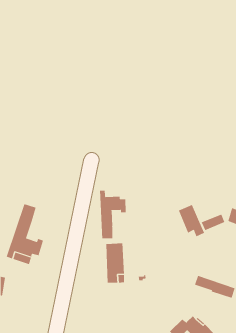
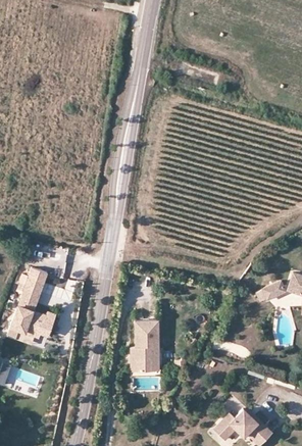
building: [100,190,126,239] -> none
building: [178,204,205,237] -> none

